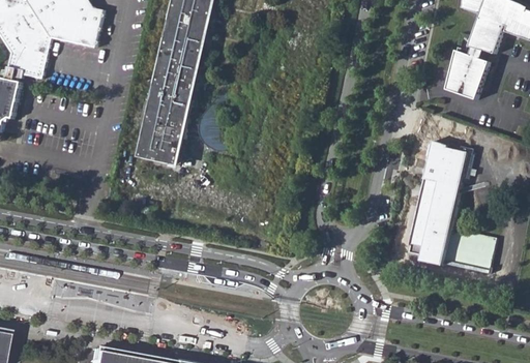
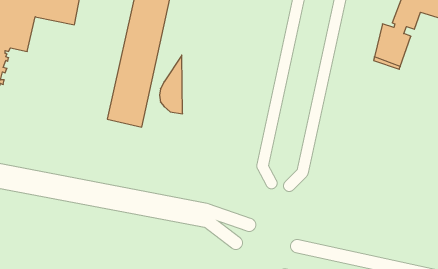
building: [409,134,496,269] -> none

